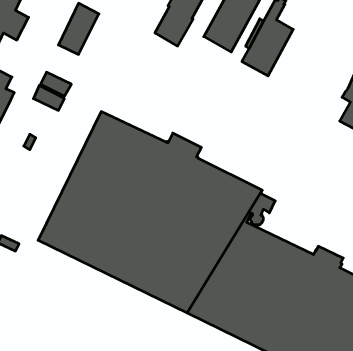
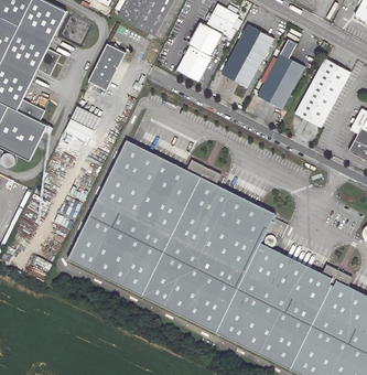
building: none -> [295,58,350,127]

